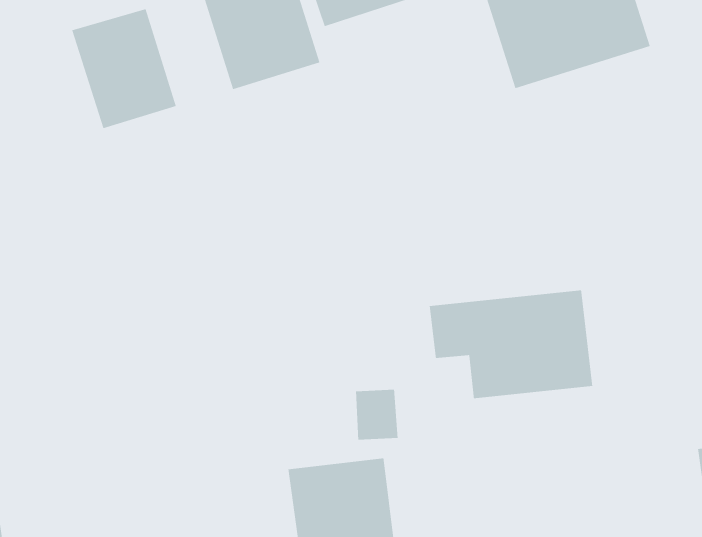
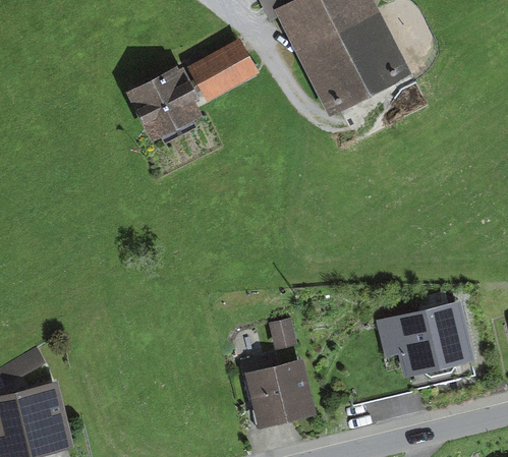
building: [71,8,177,129] -> none
building: [429,290,593,399] -> [354,301,464,380]

